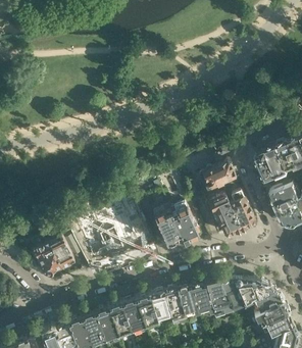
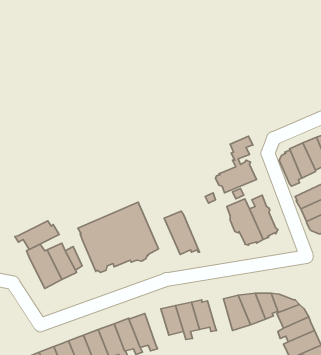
building: [169,204,198,244] -> none
building: none -> [15,221,59,250]
building: [191,285,213,315] -> none
building: [135,295,159,330] -> none

